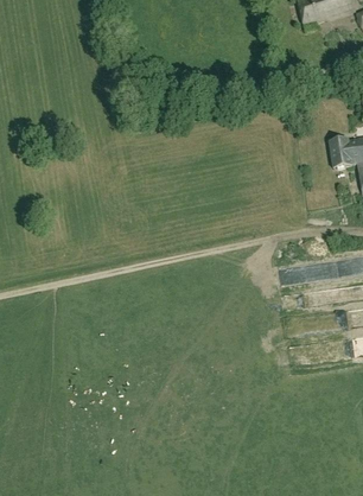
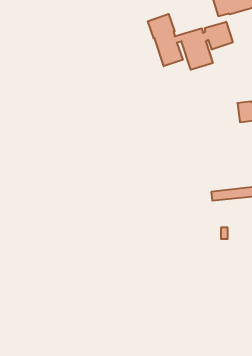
building: none -> [148,14,233,70]

